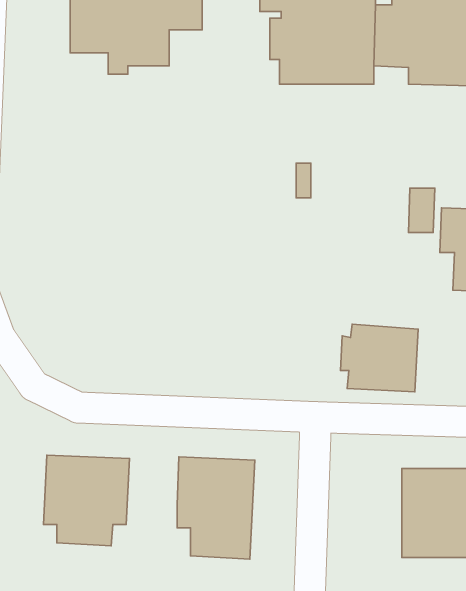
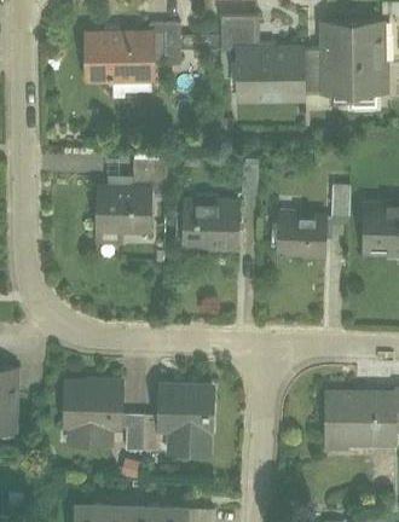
building: none -> [92,146,167,244]
building: none -> [174,193,238,254]
building: [340,324,418,392] -> [270,210,326,260]
building: none -> [127,413,161,449]

